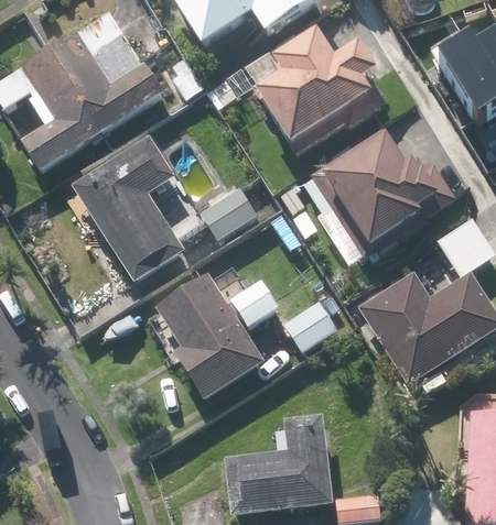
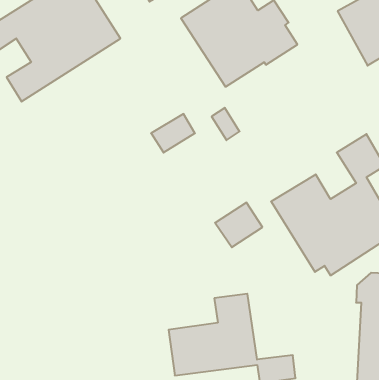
building: [303,127,454,260] -> none
building: [73,132,186,283] -> none
building: [157,273,282,401] -> none

